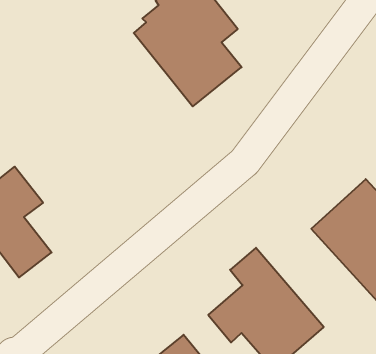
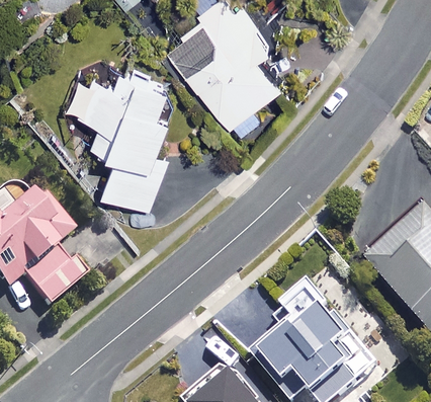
building: none -> [73,64,177,207]

